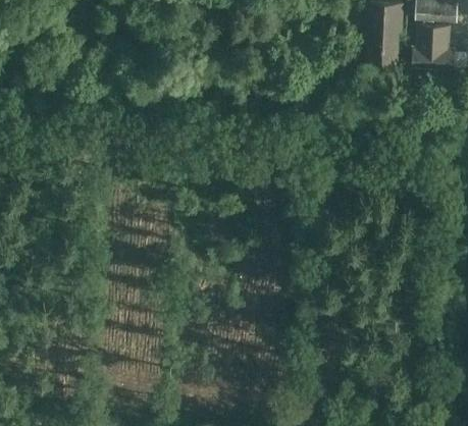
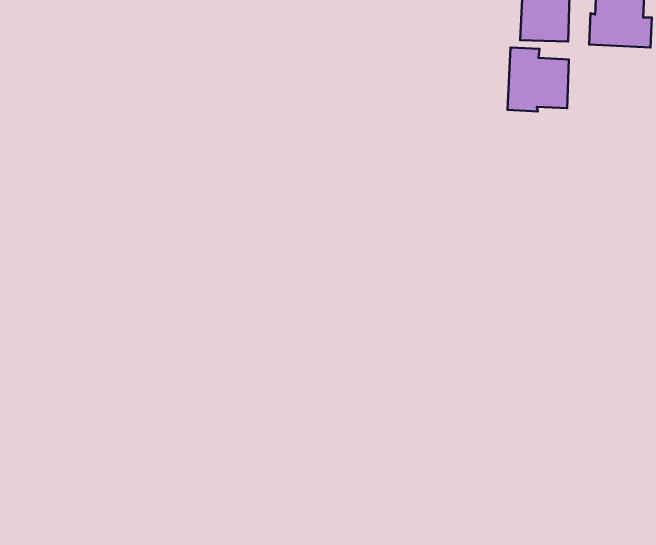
building: none -> [507,47,569,111]

